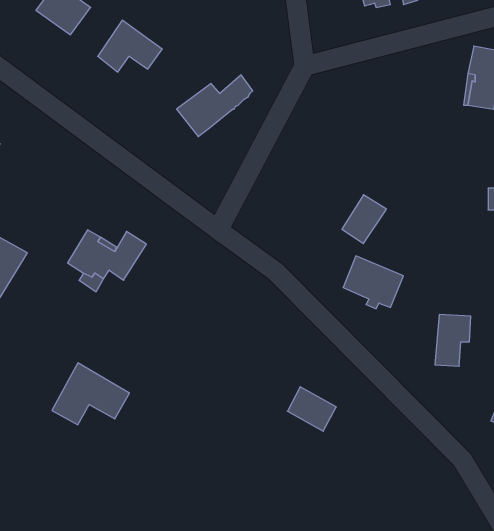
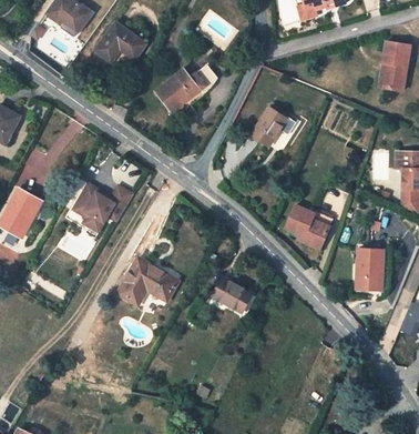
building: [342,195,386,244] -> [252,108,286,145]
building: [52,363,129,425] -> [117,258,177,305]
building: [287,387,336,431] -> [213,277,251,312]

